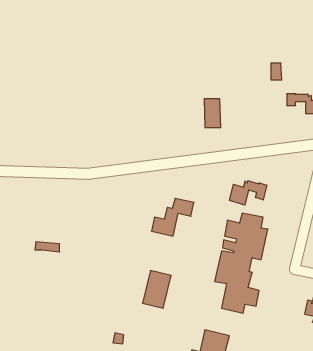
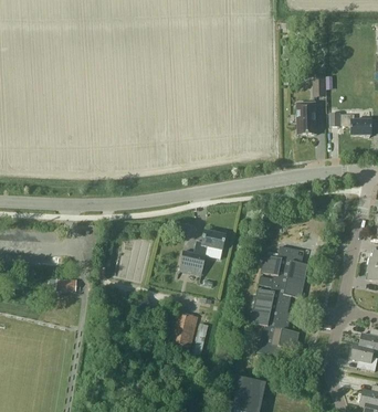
building: [204,99,221,128] -> [296,103,315,135]
building: [230,181,267,205] -> none

